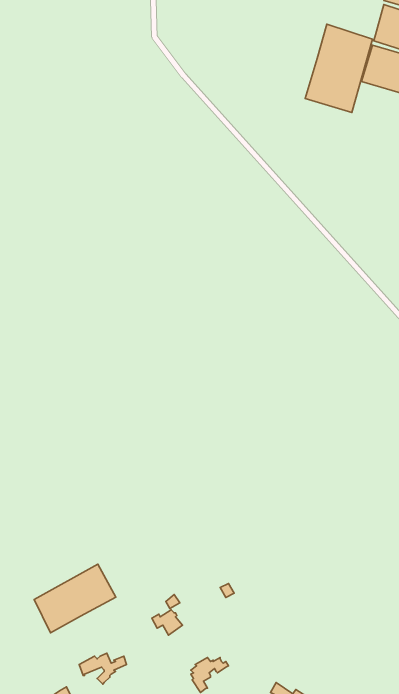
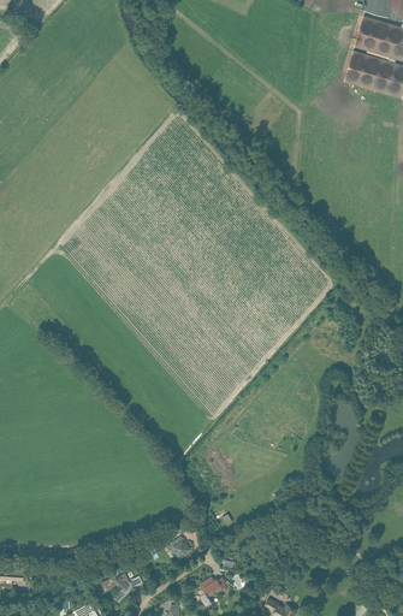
building: [305,24,372,112] -> none
building: [34,564,116,633] -> none

